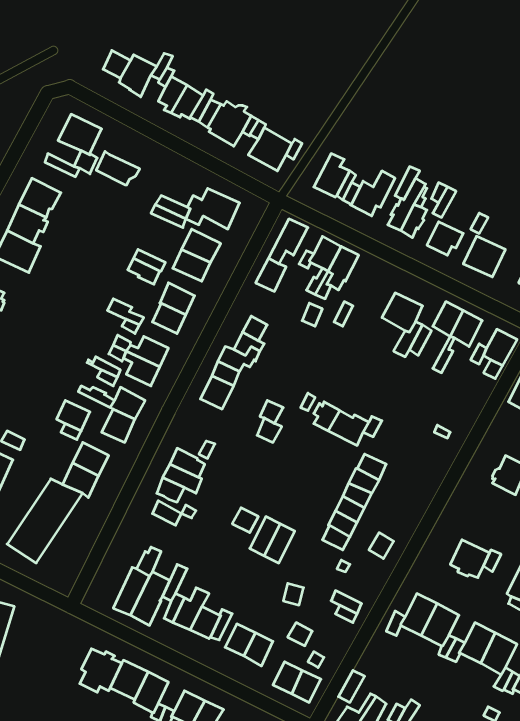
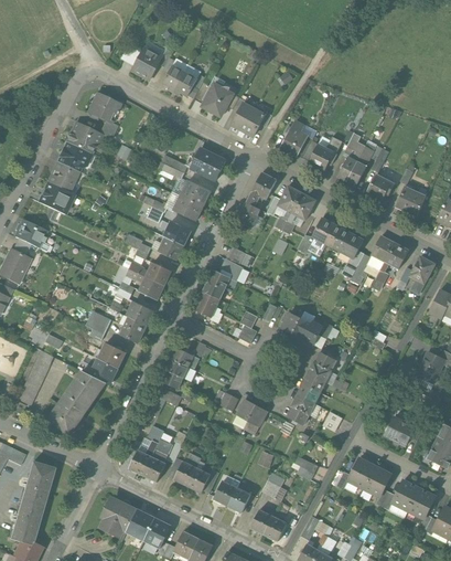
building: [96,151,140,185] -> [67,127,100,152]
building: none -> [312,218,343,247]

